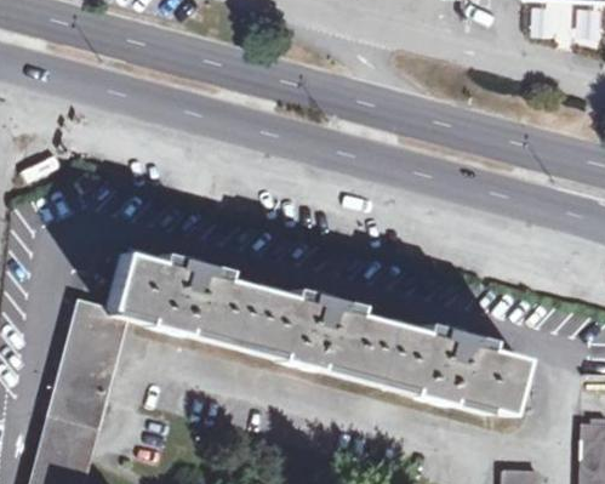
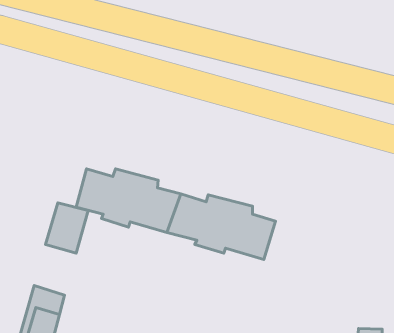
building: [372,325,518,414] -> none
building: [53,358,112,428] -> none

